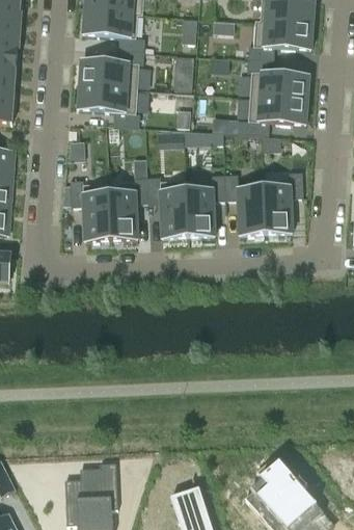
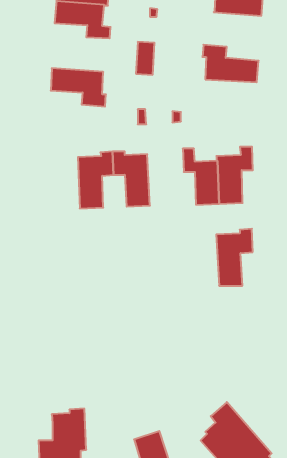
building: [247,20,311,59] -> none
building: [79,49,143,87] -> none
building: [237,96,306,134] -> none
building: [185,173,225,236] -> [216,229,253,286]
building: [69,179,110,240] -> none

